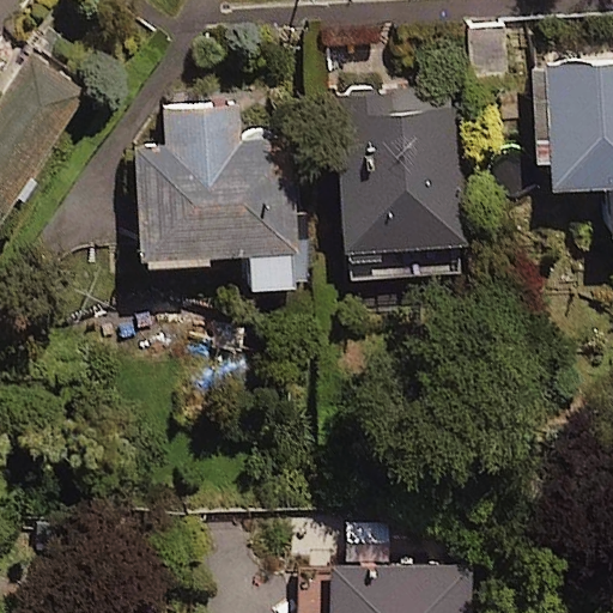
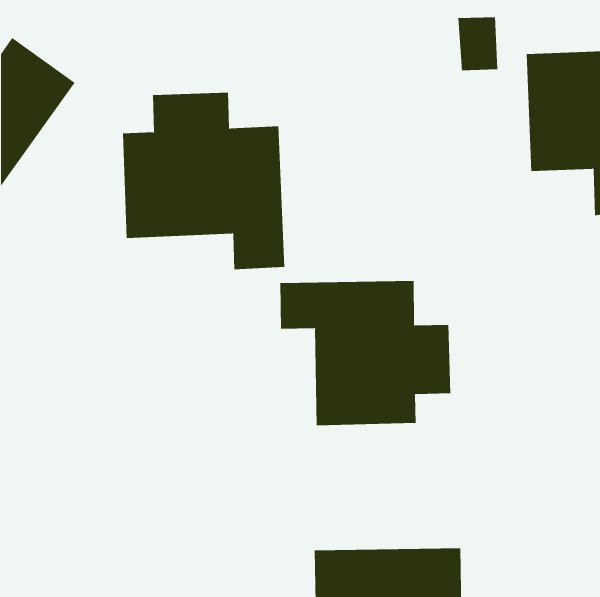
building: [333,92,460,275] -> none
building: none -> [280,280,451,426]

